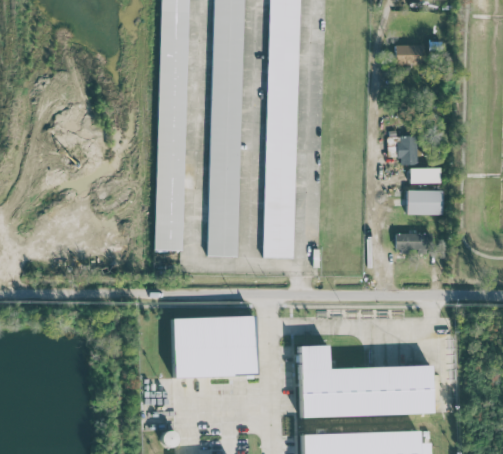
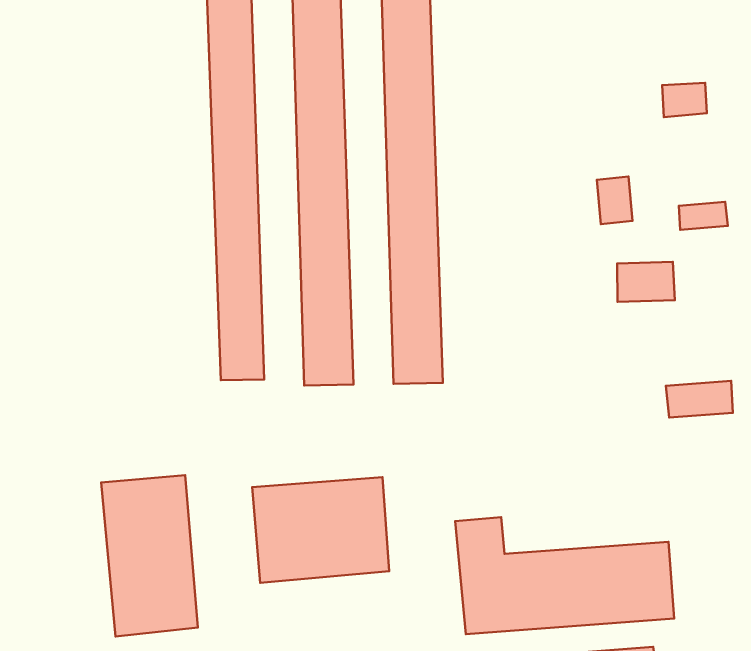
building: [396,45,423,65] -> [662,83,707,117]
building: [410,168,440,184] -> [679,202,728,230]
building: [395,233,436,254] -> [666,381,733,418]
building: none -> [101,475,198,637]

